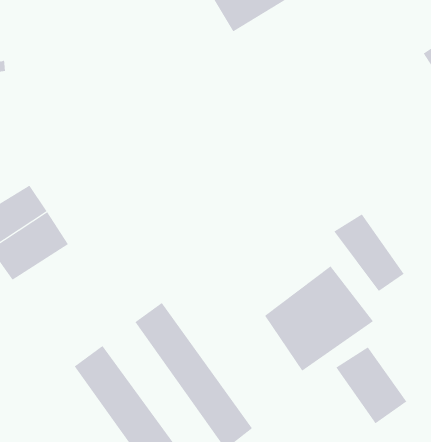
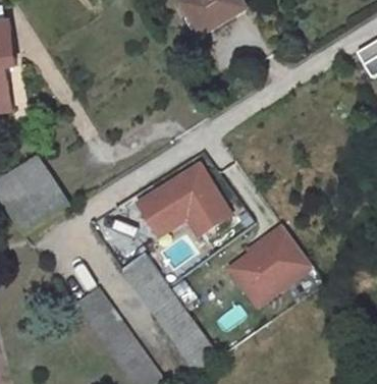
building: none -> [134,160,232,237]
building: [334,214,404,292] -> none
building: [335,346,407,424] -> none

